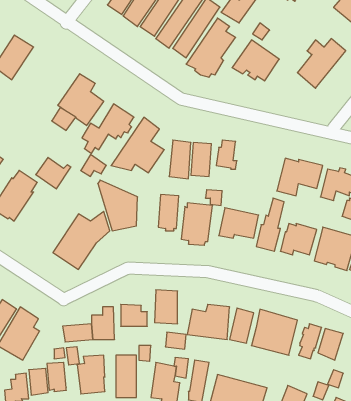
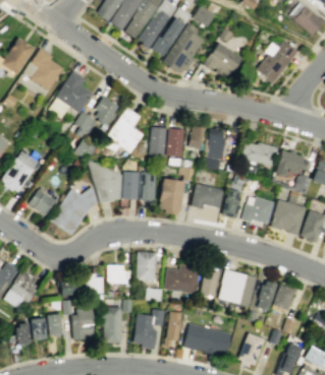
building: none -> [23,47,64,89]
building: none -> [203,128,226,171]
building: [36,157,71,189] -> [30,189,59,215]
building: none -> [123,171,140,199]

